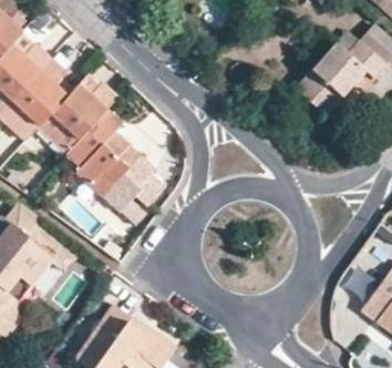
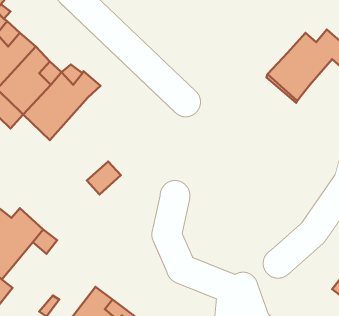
building: [66,110,140,195] -> none

